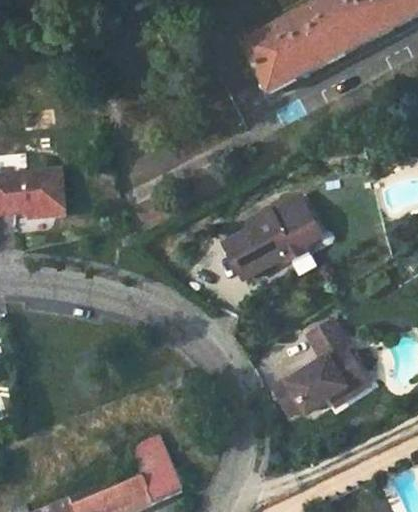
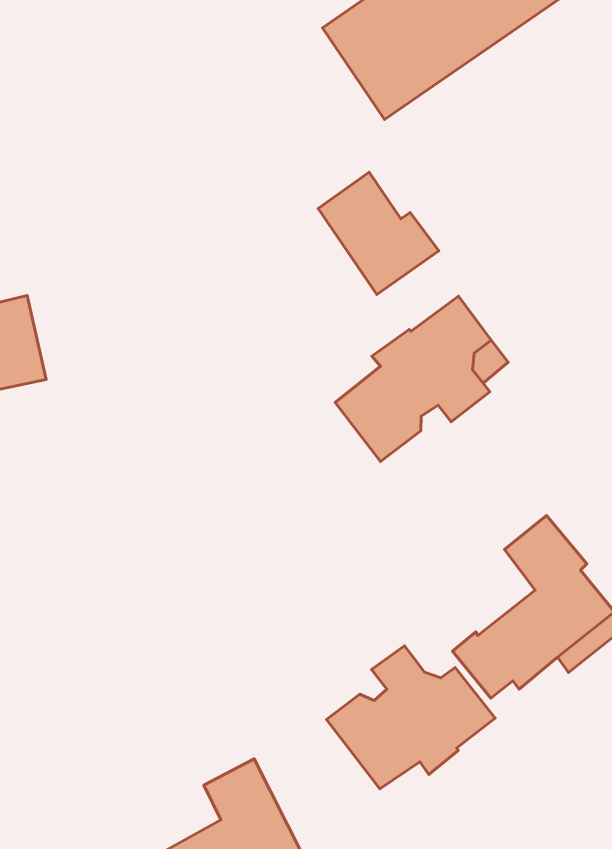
building: none -> [318,172,439,295]
building: none -> [326,646,495,789]

